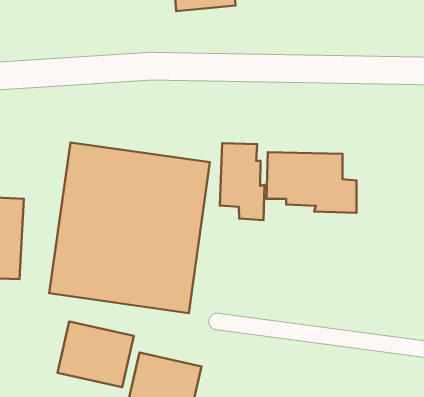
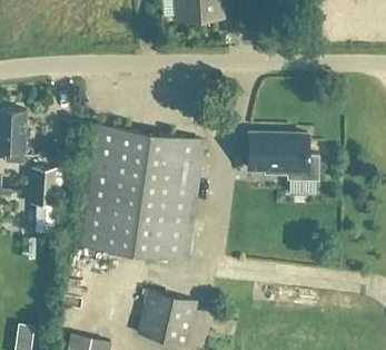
building: [220,143,264,220] -> none
building: [58,321,134,387] -> none

